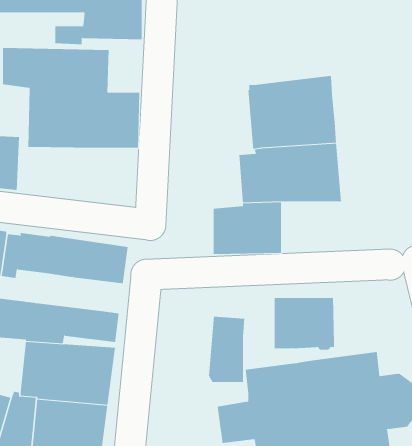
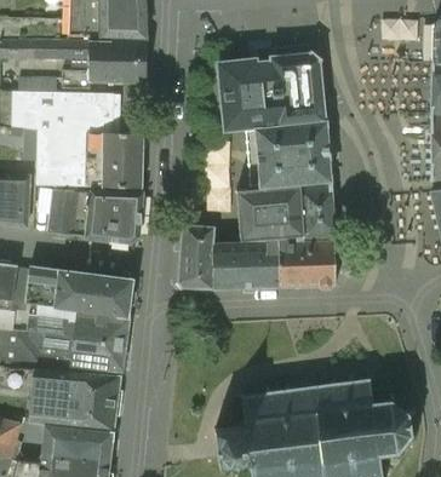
building: none -> [210,51,323,131]
building: none -> [47,190,142,242]
building: none -> [35,309,127,343]
building: [274,298,335,350] -> [277,237,336,287]
building: [208,316,245,383] -> [178,224,213,287]

